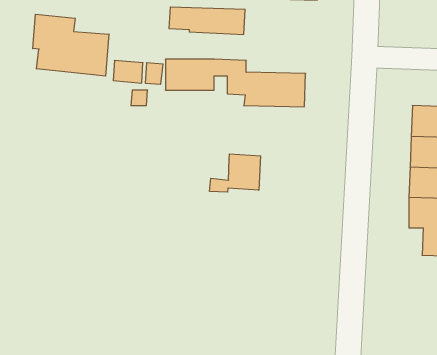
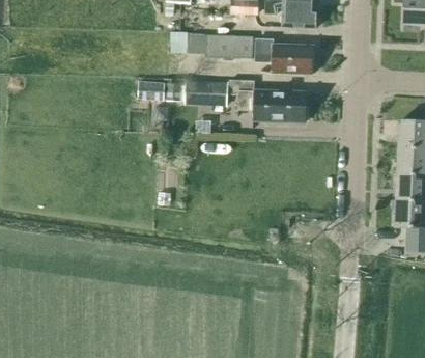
building: none -> [254,39,313,74]
building: [33,14,109,76] -> none
building: [210,154,261,192] -> none

